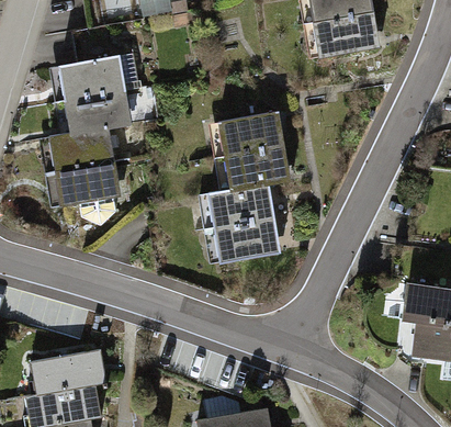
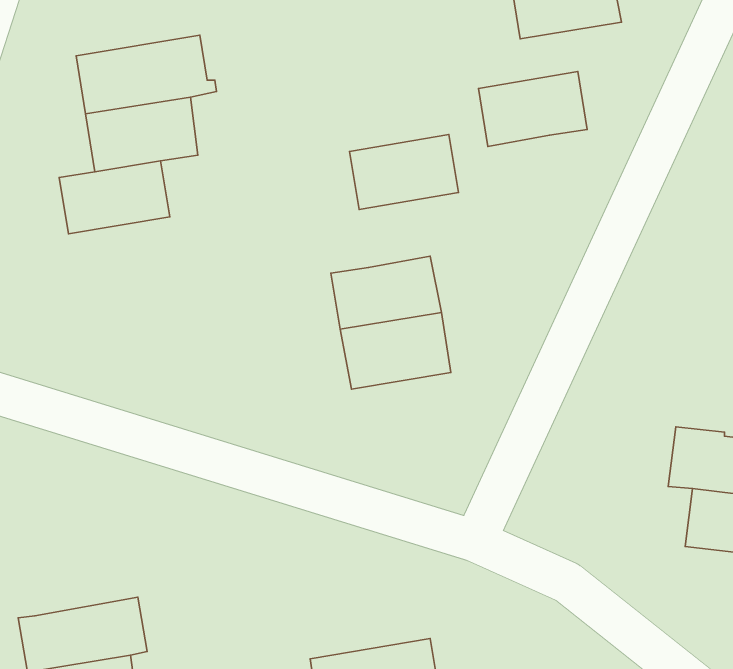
building: [224,146,287,190] -> [478,72,587,146]
building: [54,160,119,223] -> none
building: [29,349,105,394] -> none

